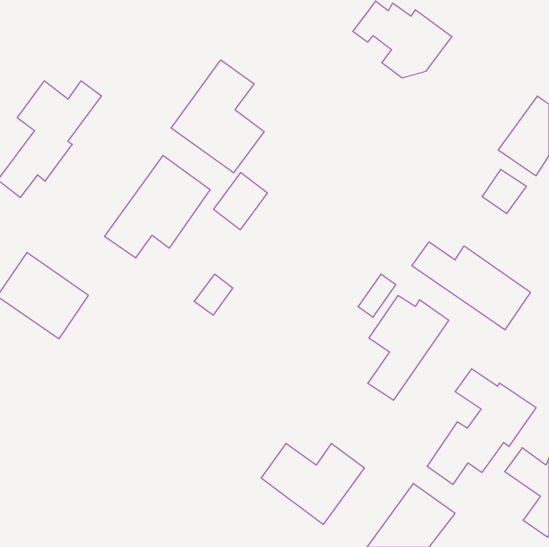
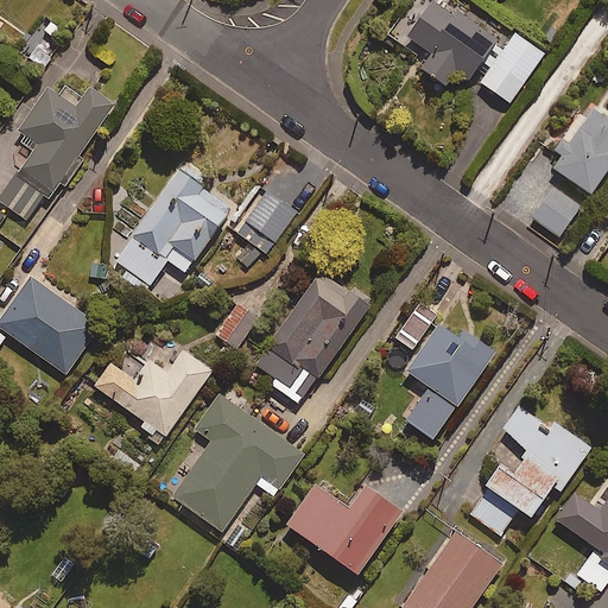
building: none -> [480,31,544,102]
building: [171,60,264,173] -> none
building: [412,242,530,330] -> none
building: none -> [255,273,367,404]
building: none -> [93,349,211,436]
building: none -> [171,395,302,531]

